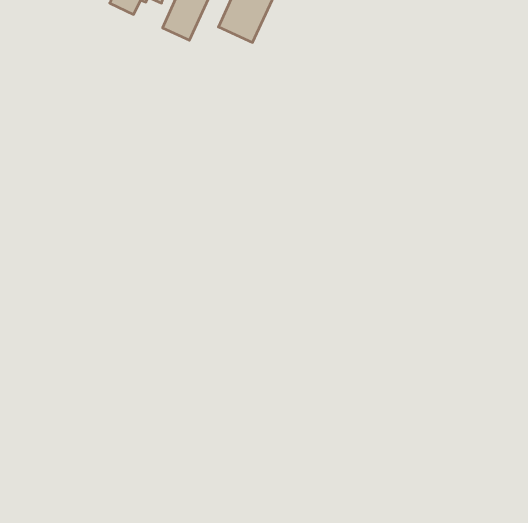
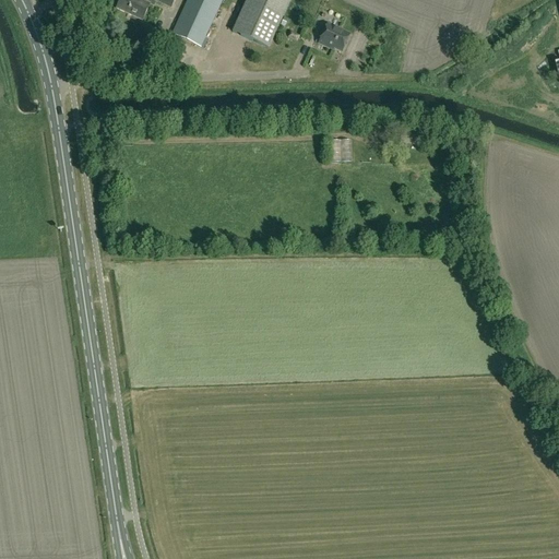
building: none -> [318,22,348,48]

